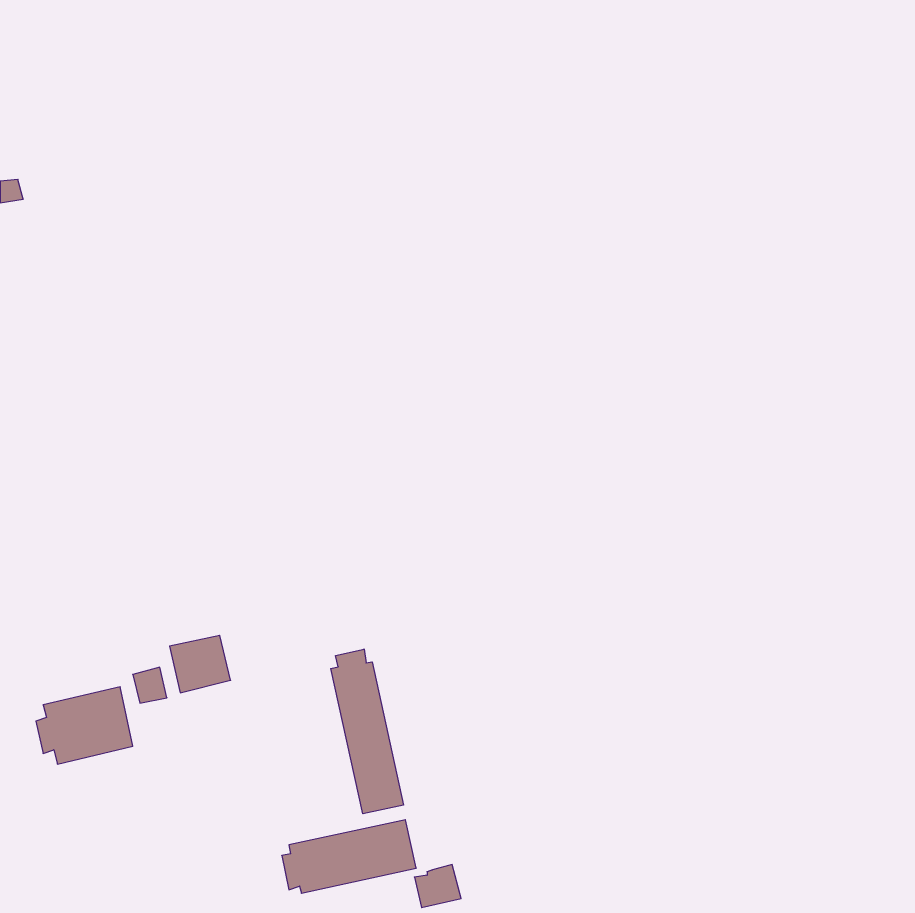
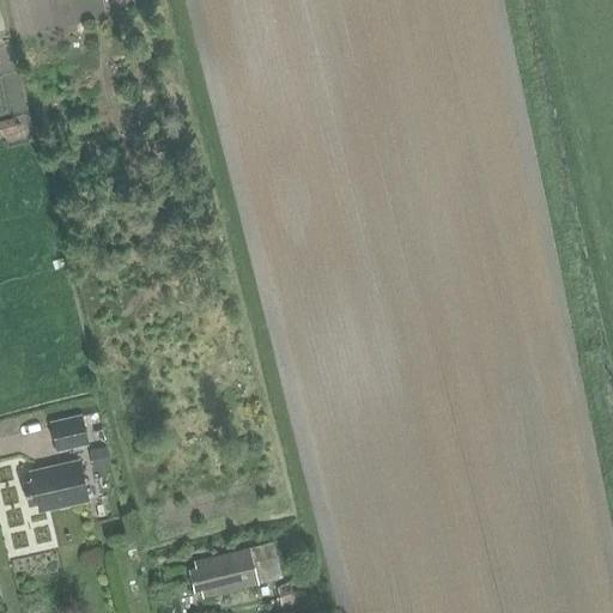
building: [170,635,231,693] -> [48,413,89,451]
building: [331,649,403,814] -> none

